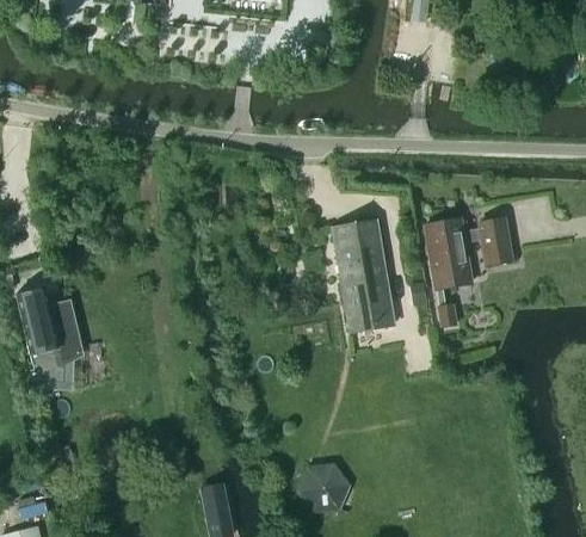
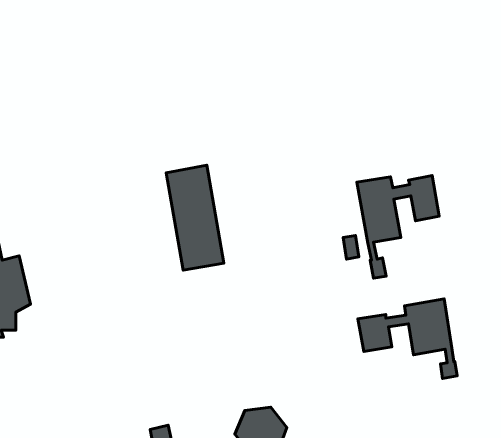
building: [333,221,394,332] -> [166,165,224,270]
building: none -> [358,299,457,378]

